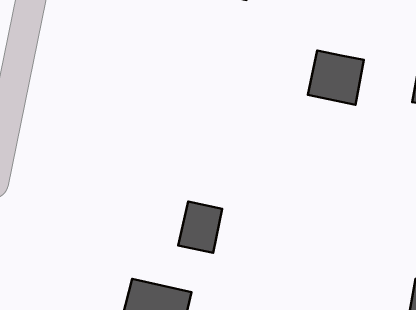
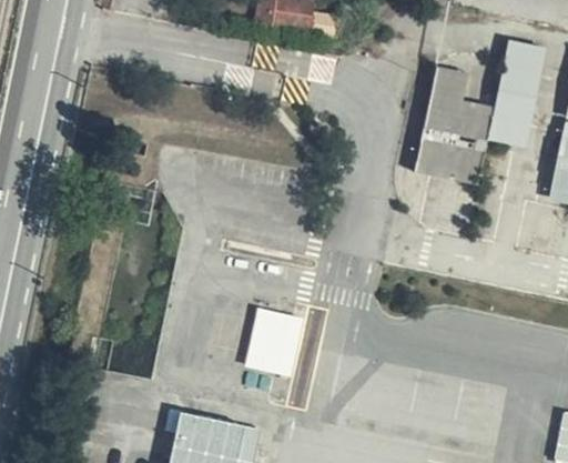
building: none -> [488,48,540,152]
building: none -> [430,68,470,112]

